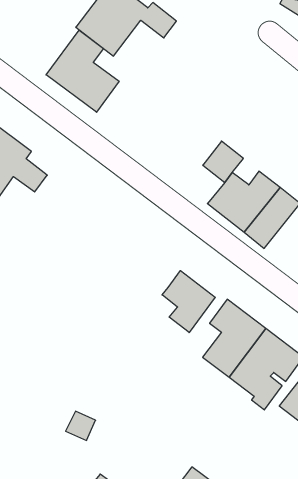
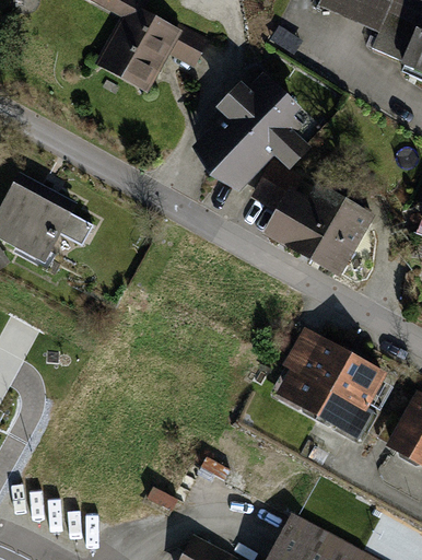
building: [46,30,119,112] -> none
building: none -> [204,82,305,179]
building: [162,271,215,333] -> none

